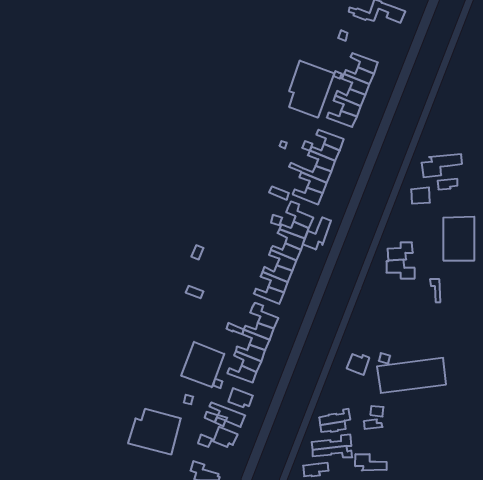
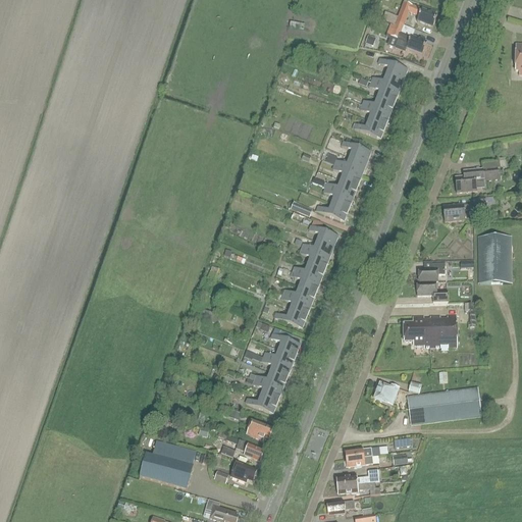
building: none -> [389,20,426,52]
building: [289,60,334,118] -> none
building: [303,217,331,250] -> none
building: none -> [402,314,456,346]
building: [181,342,224,387] -> none
building: [355,454,387,470] -> none

